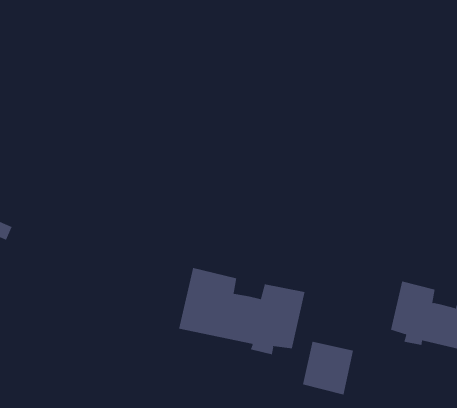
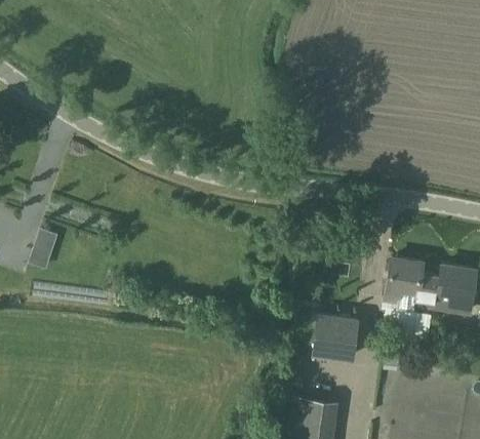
building: [179,267,305,355] -> none

